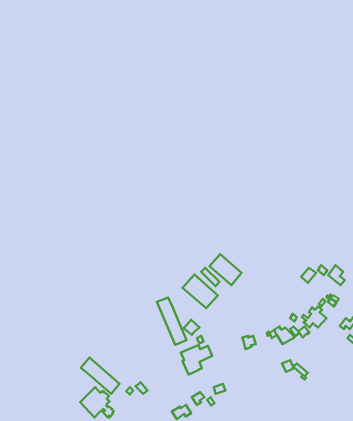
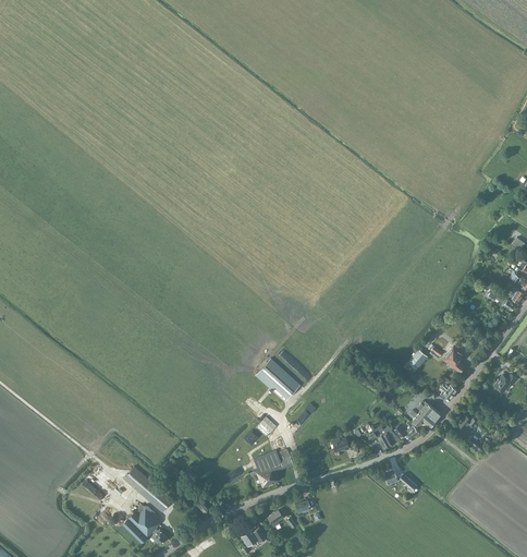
building: [210,254,241,285] -> none
building: [157,297,187,345] -> none

